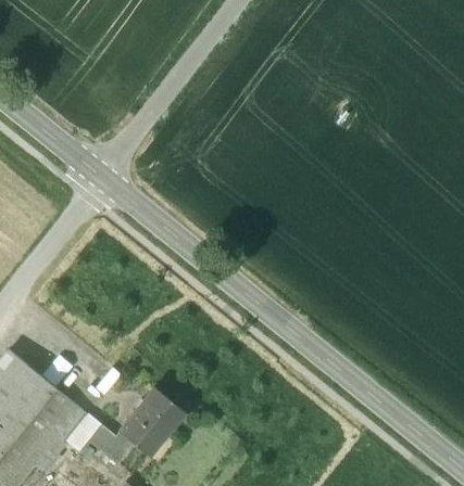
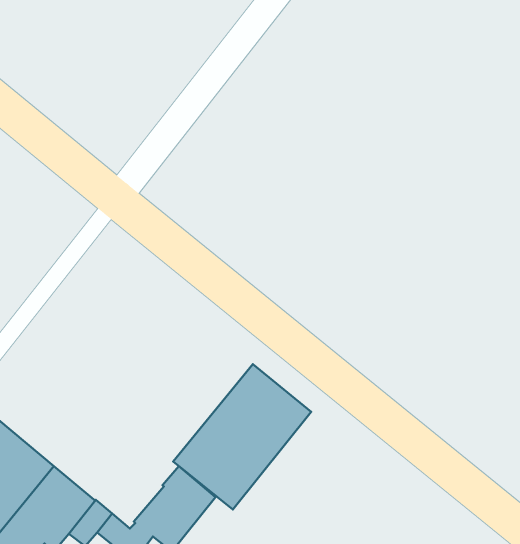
building: none -> [173,364,311,509]

